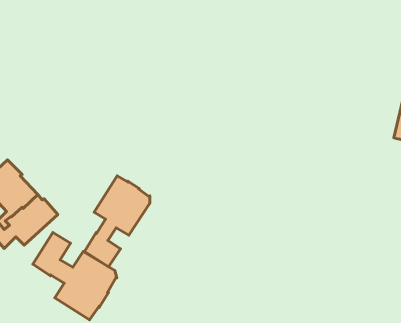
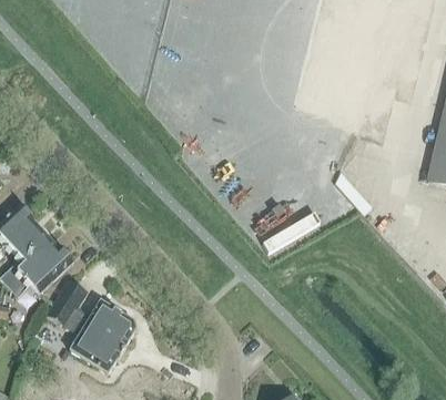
building: [84,176,150,267] -> none

